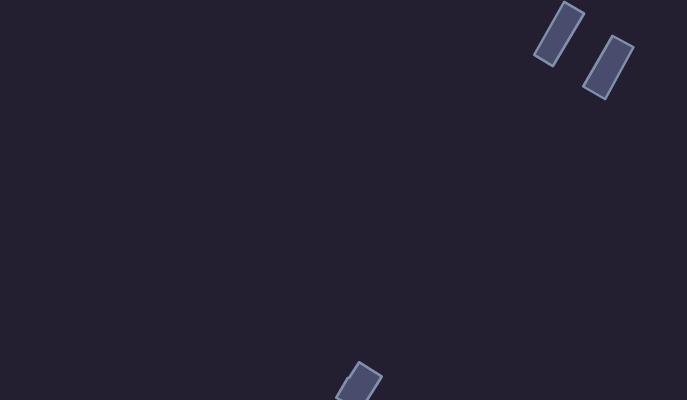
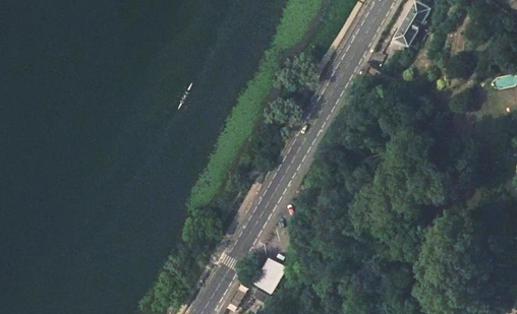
building: [583,36,634,99] -> none

